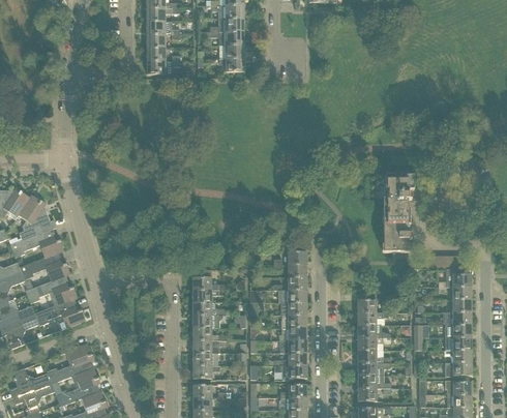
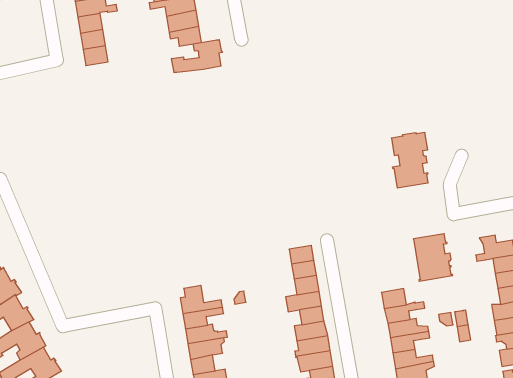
building: none -> [172,40,222,73]
building: [383,216,412,251] -> [413,234,453,281]

